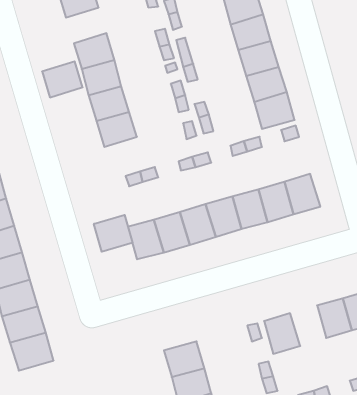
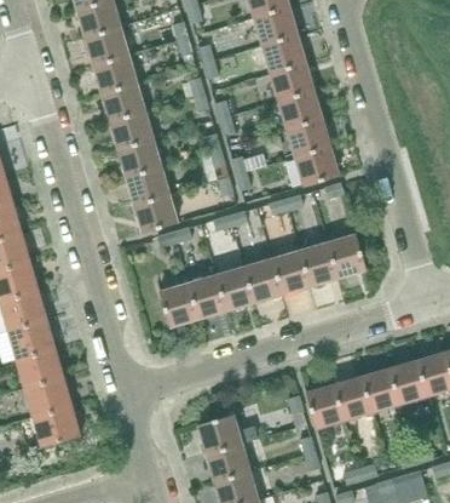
building: [42,61,83,97] -> [93,55,137,93]
building: none -> [134,194,178,233]
building: [94,215,132,252] -> none
building: none -> [334,376,373,419]

